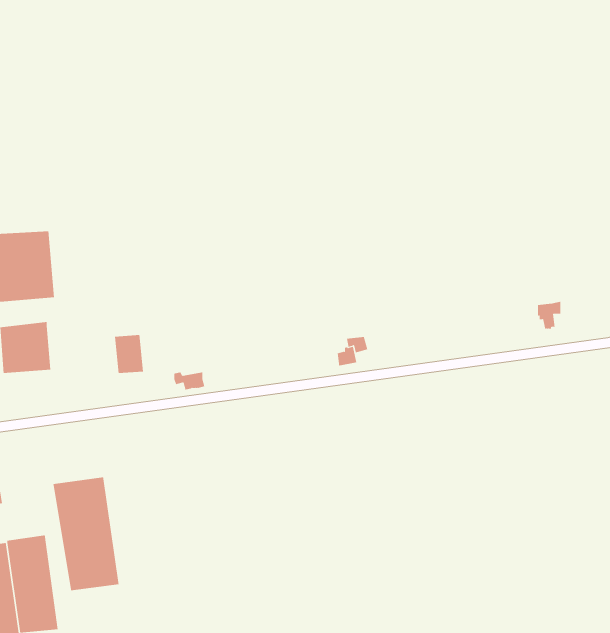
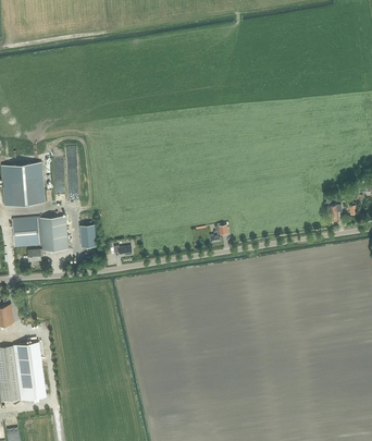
building: none -> [27,217,67,261]
building: [53,476,119,591] -> none

